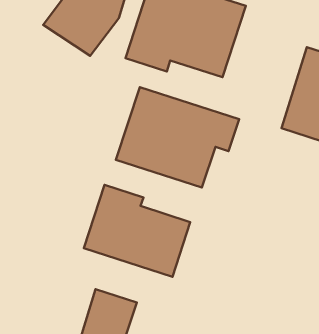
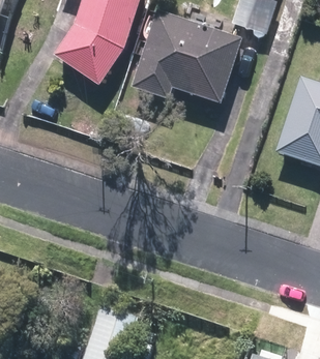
building: [116,87,239,187] -> none
building: [84,185,190,277] -> none

